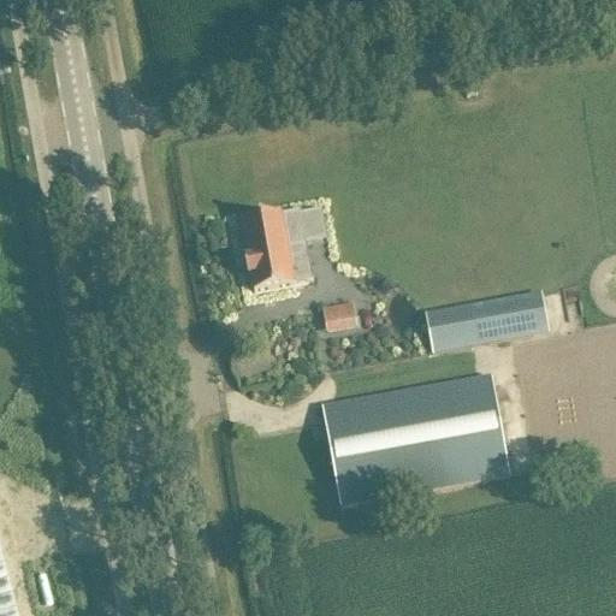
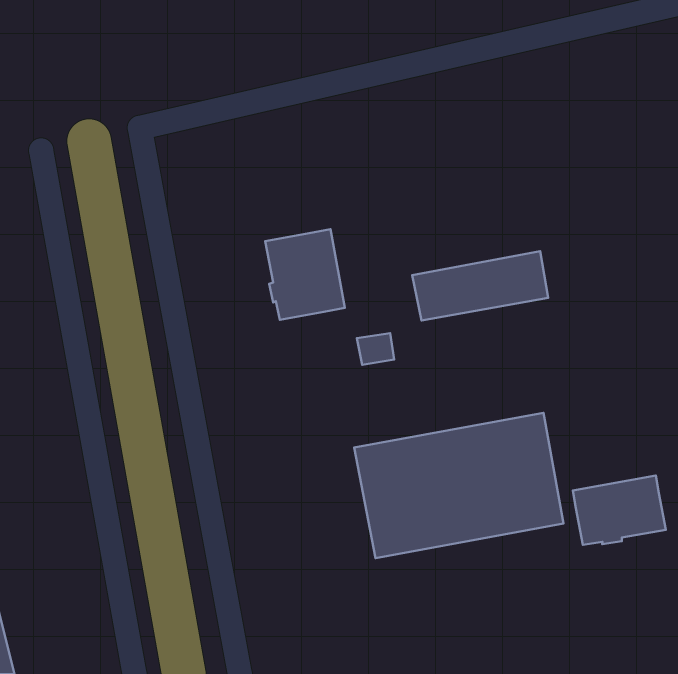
building: [424,290,546,353] -> [412,251,548,320]
building: none -> [573,475,666,545]

